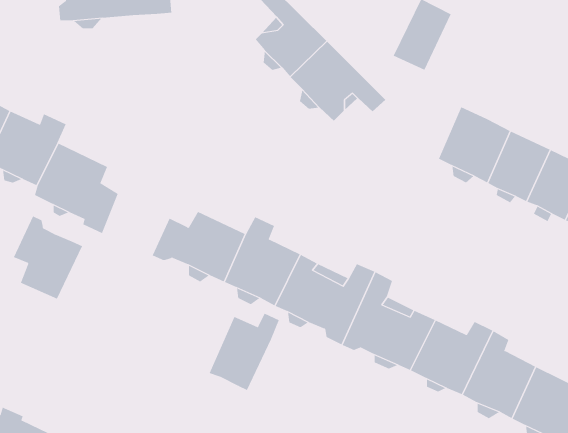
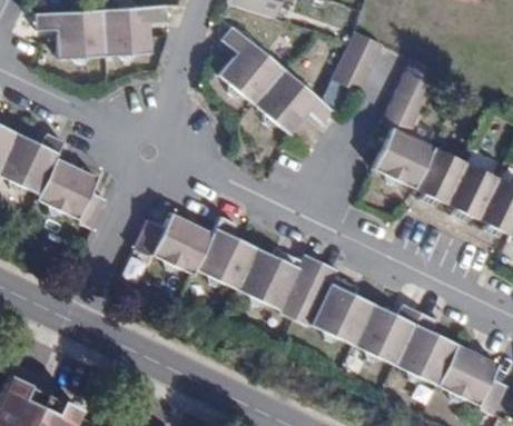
building: none -> [383,61,441,135]
building: [13,215,83,299] -> none
building: [209,313,280,391] -> none

